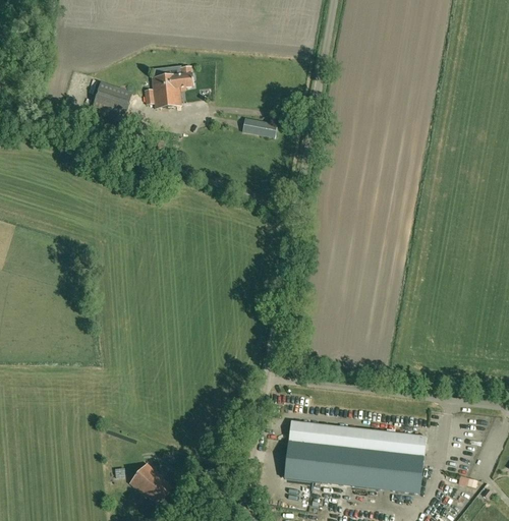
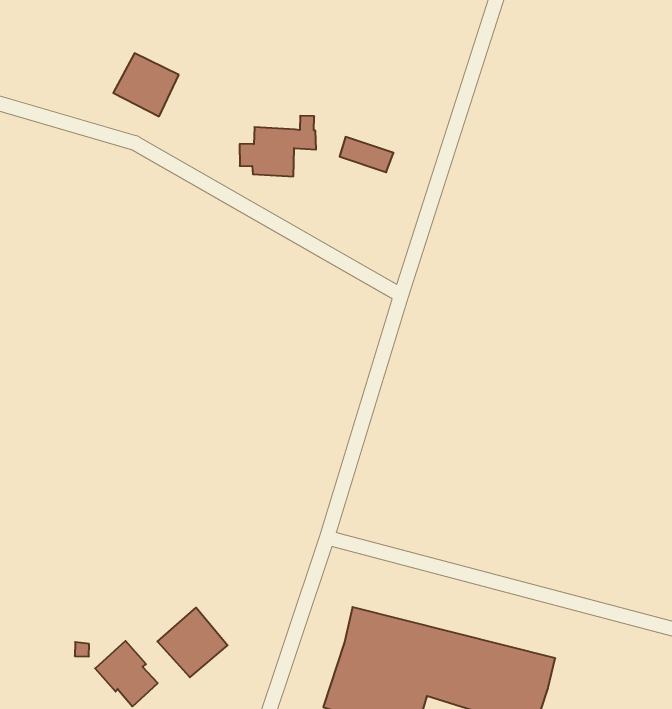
building: [144,64,193,107] -> [240,116,316,176]
building: none -> [157,608,228,677]

